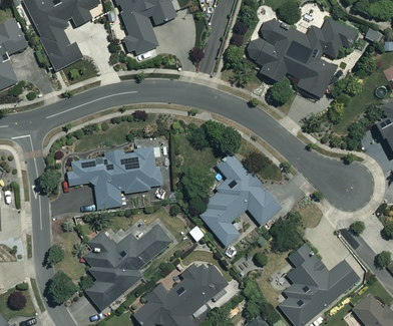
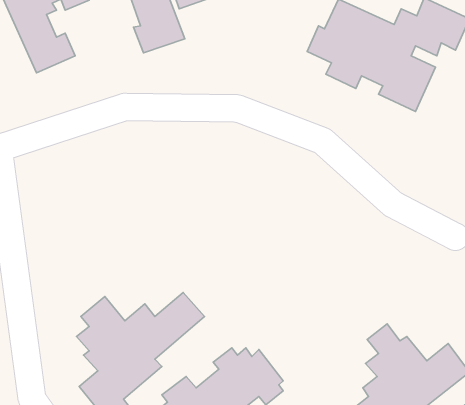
building: [66,146,162,209] -> none
building: [200,150,282,247] -> none

